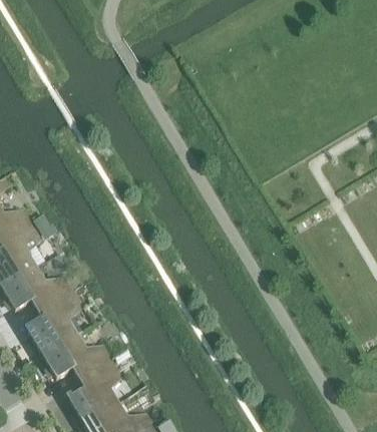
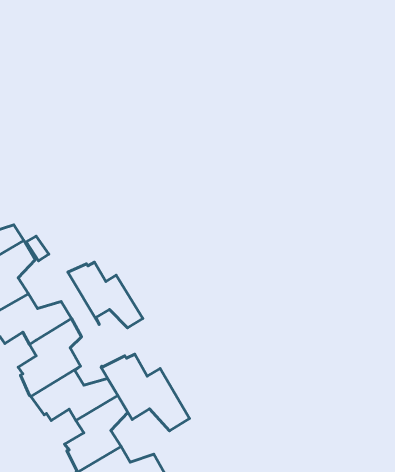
building: none -> [68,262,143,328]
building: none -> [101,354,189,431]

